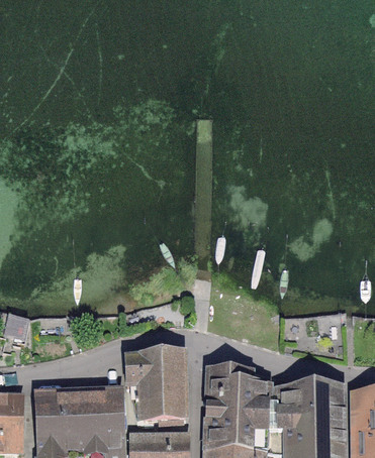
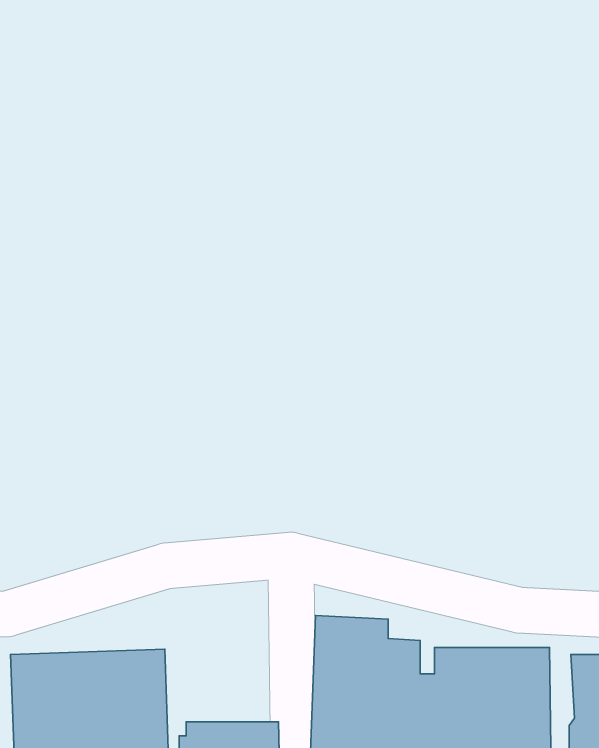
building: [125,353,184,417] -> none

